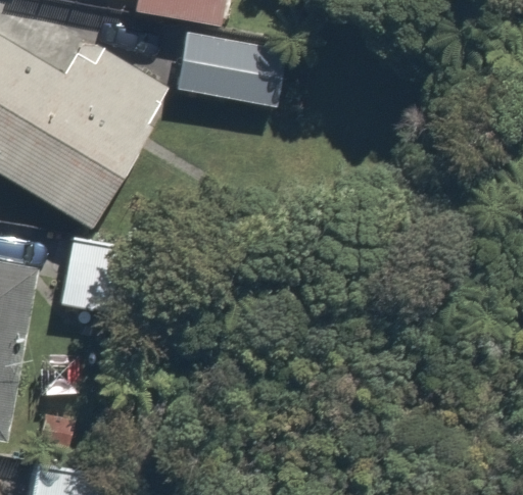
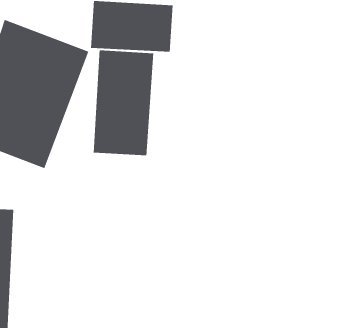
building: none -> [93,50,154,156]

